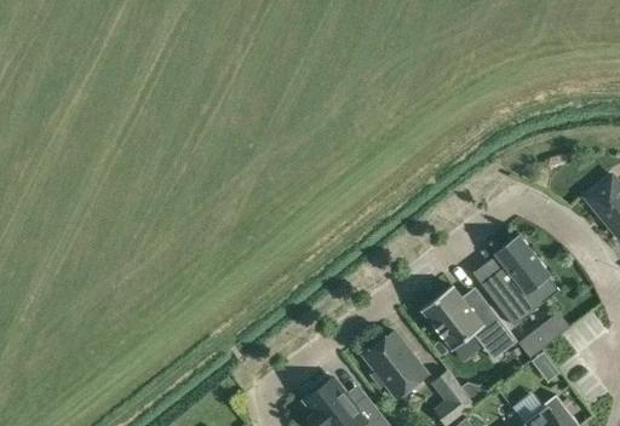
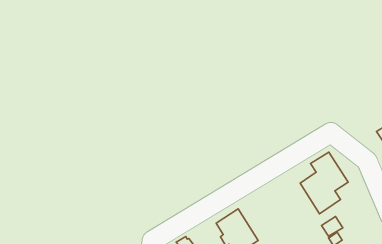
building: [421,287,517,353] -> none

